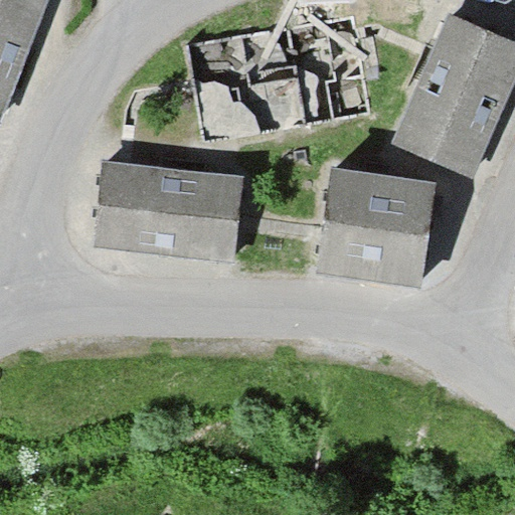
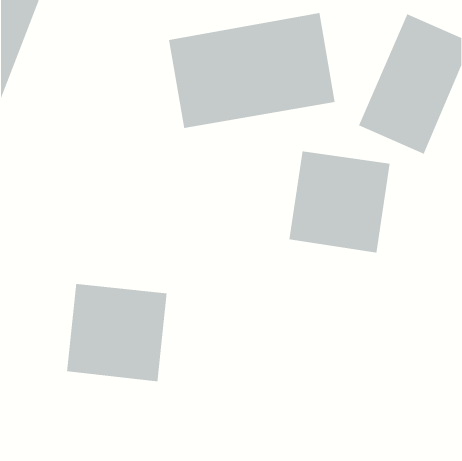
building: [98,162,241,256] -> none
building: none -> [66,283,167,382]

